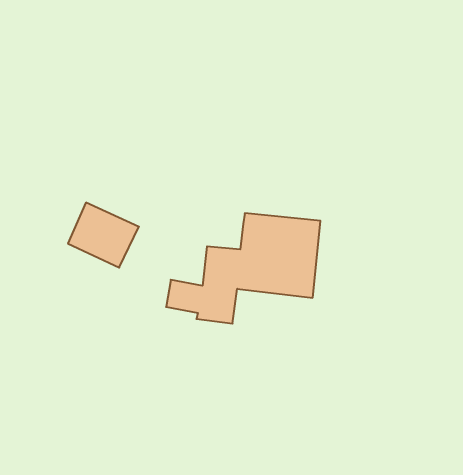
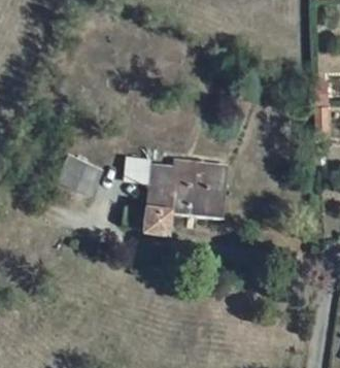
building: none -> [128,158,174,185]

